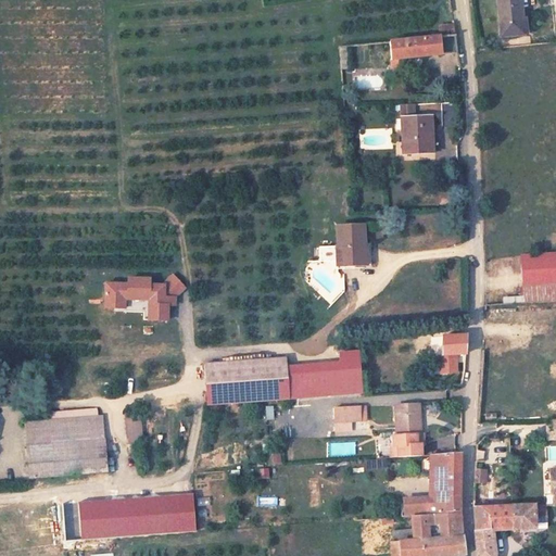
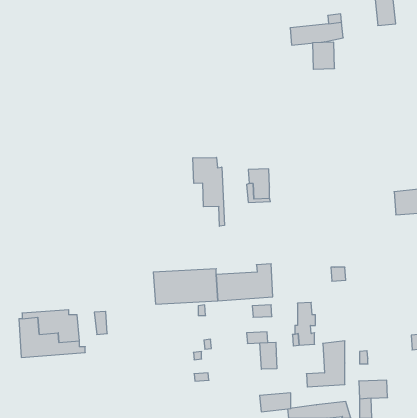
building: [400,115,429,151] -> [312,42,335,69]
building: none -> [193,157,224,226]
building: [104,275,185,319] -> none
building: [445,333,470,354] -> none
building: none -> [260,342,277,369]
building: [81,493,199,539] -> none
building: [515,502,551,527] -> none
building: [419,511,460,536] -> [260,393,291,412]

